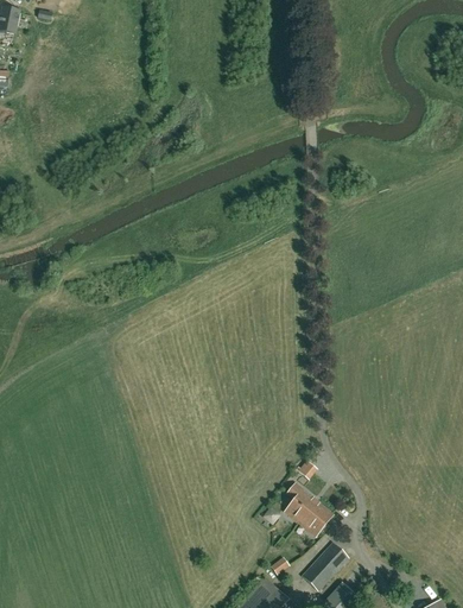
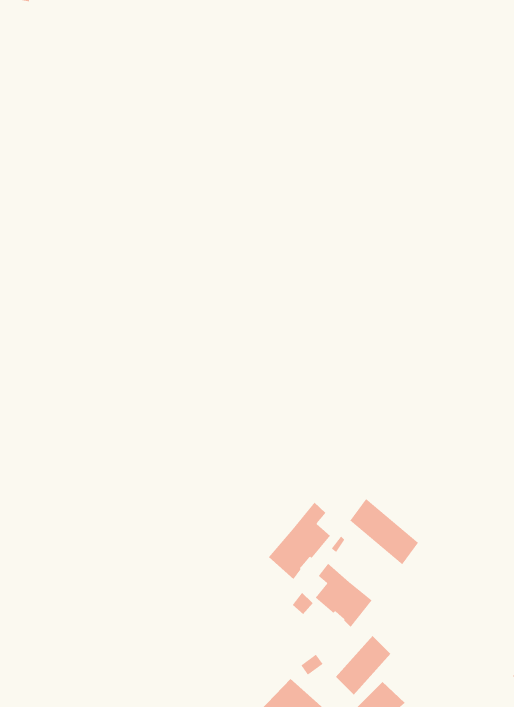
building: none -> [349,498,419,565]
building: none -> [268,502,331,580]

